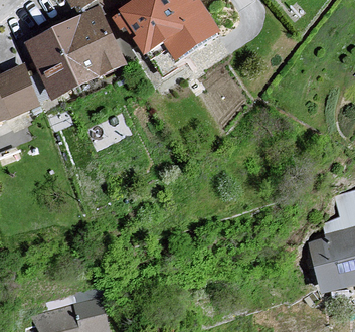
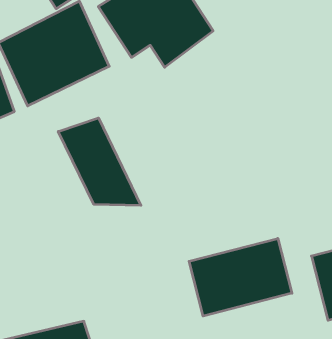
building: none -> [58,118,141,205]
building: none -> [189,238,292,316]

